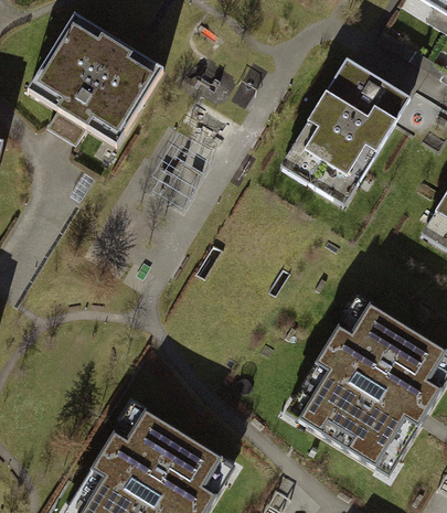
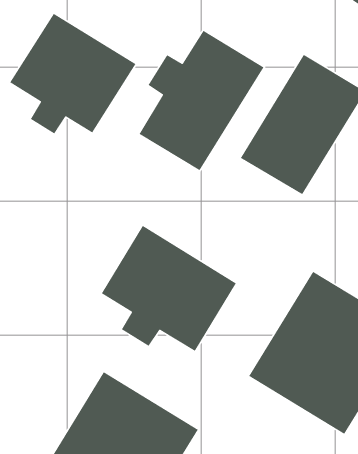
building: none -> [139,30,264,171]
building: none -> [101,225,237,352]

